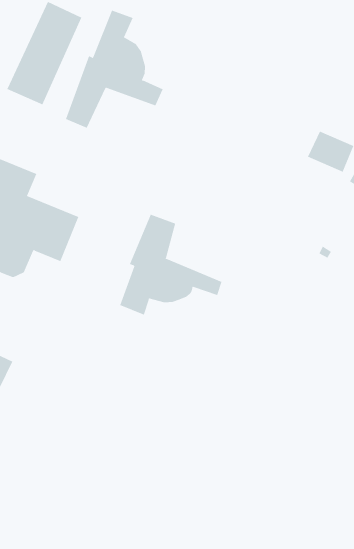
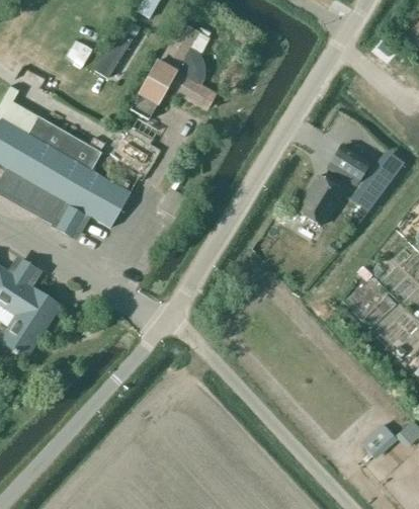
building: none -> [297,175,342,224]
building: [120,214,222,315] -> none

